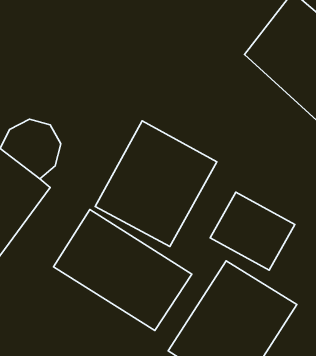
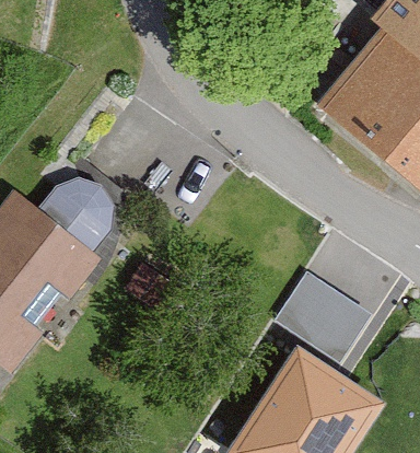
building: [95,121,217,246] -> none
building: [54,209,192,331] -> none

